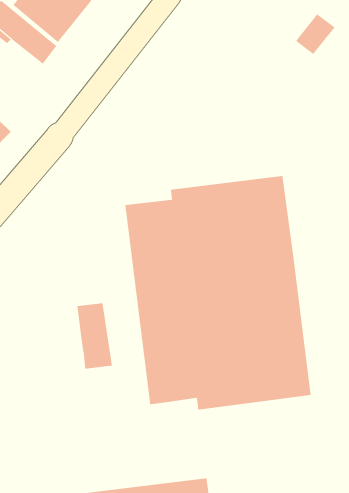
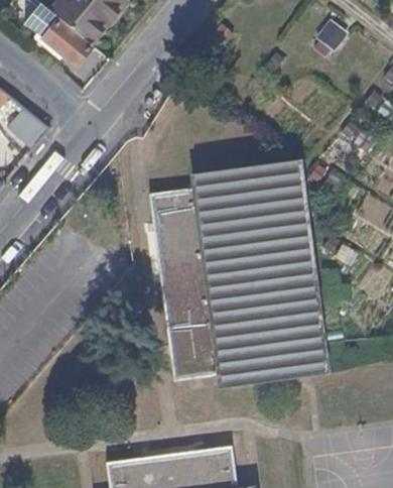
building: [77,303,113,369] -> none

